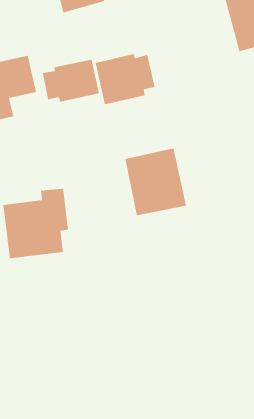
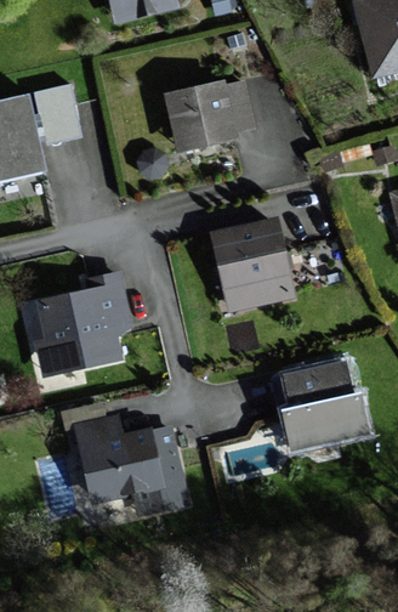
building: [42,59,99,103] -> none
building: none -> [282,361,373,454]
building: none -> [78,415,186,515]

